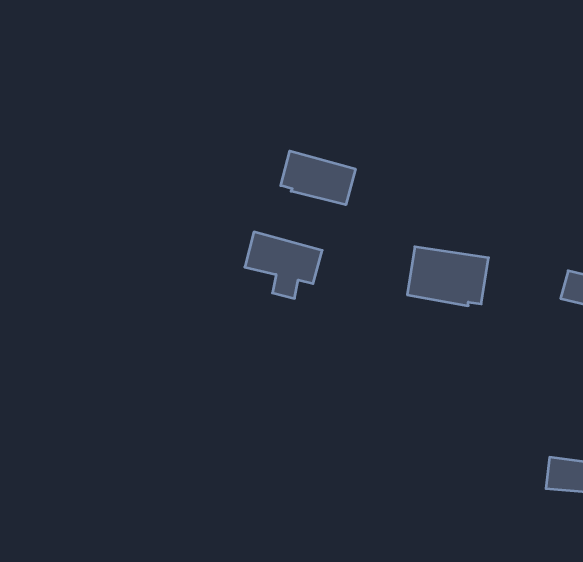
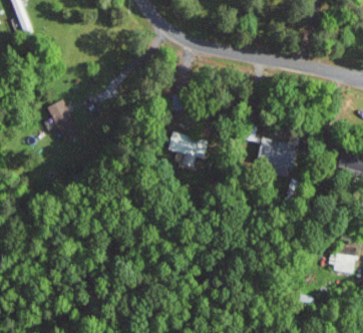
building: [281,151,355,205] -> none
building: none -> [48,99,81,142]

